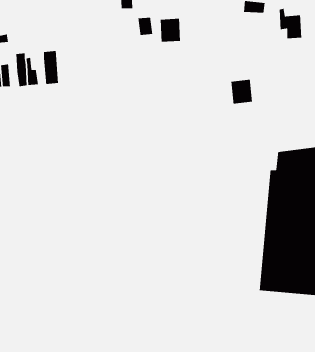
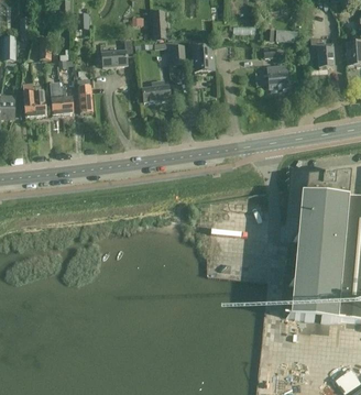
building: none -> [101,40,133,67]
building: none -> [141,80,169,102]
building: [231,79,253,104] -> [266,64,288,89]

